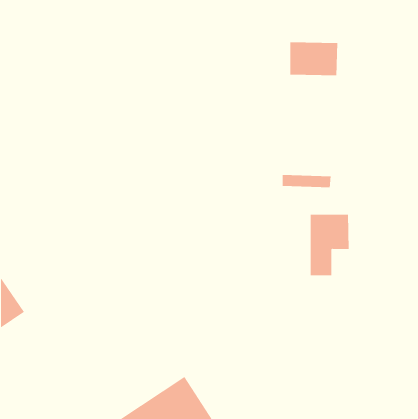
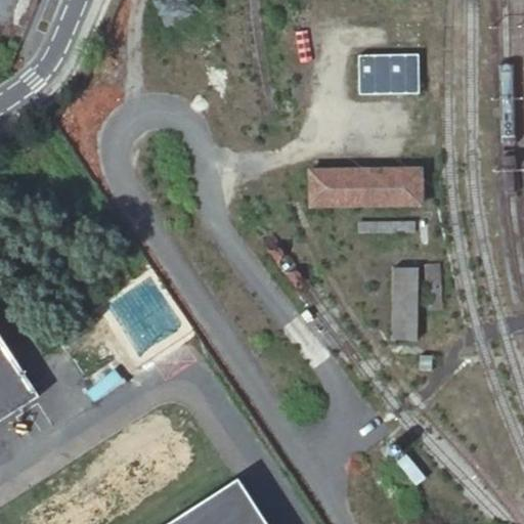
building: none -> [306,169,420,204]

